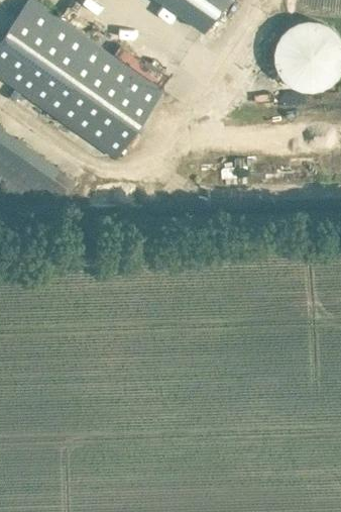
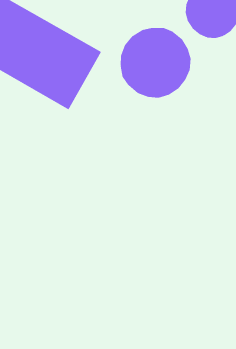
building: none -> [120,27,191,98]

